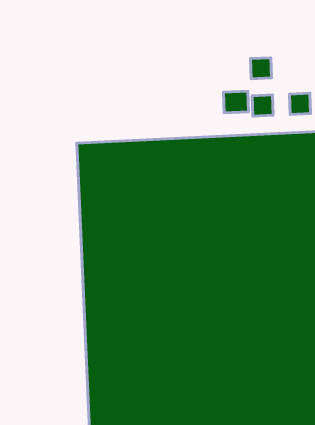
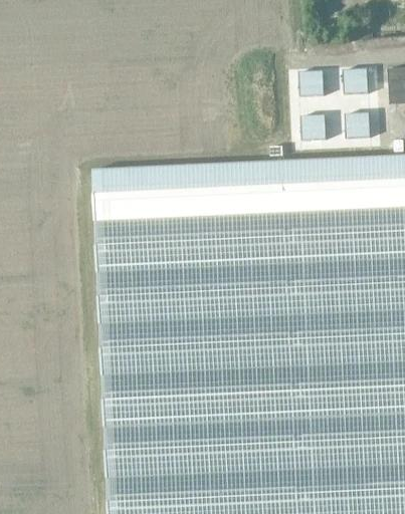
building: none -> [343,69,368,94]
building: [223,91,249,113] -> none

